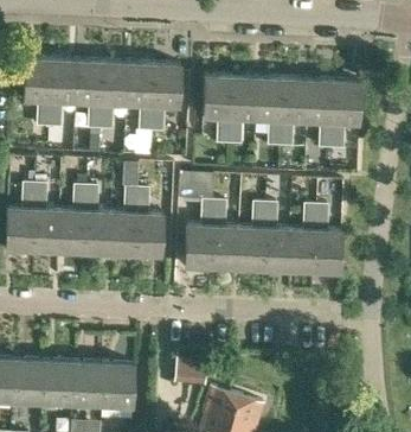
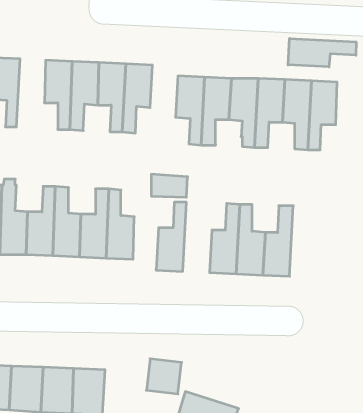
building: none -> [288,38,356,67]
building: [46,59,75,127] -> none
building: [208,199,237,268] -> none
building: [313,203,340,273] -> none

